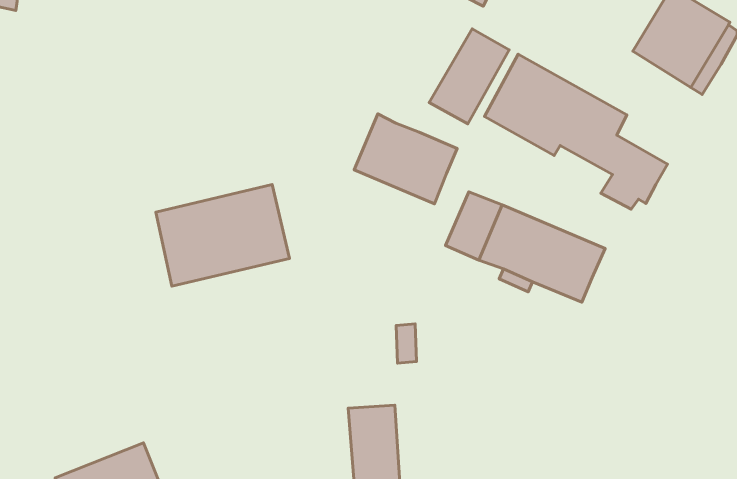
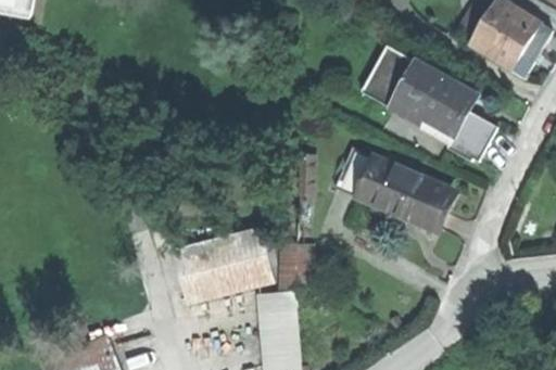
building: [429,29,509,124] -> none
building: [354,114,457,204] -> none
building: [156,185,289,286] -> [175,228,275,304]

